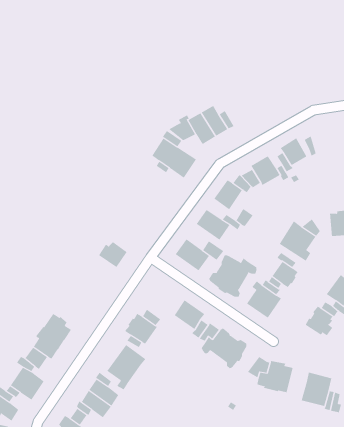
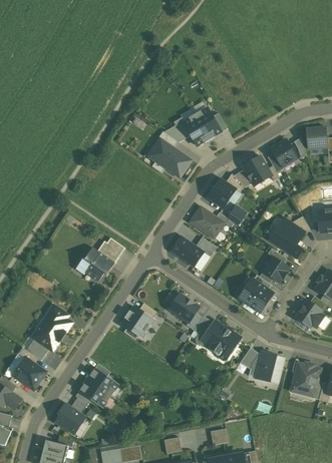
building: none -> [305,126,327,149]
building: none -> [74,247,114,284]
building: [209,254,257,298] -> none
building: [106,344,146,390] -> none

